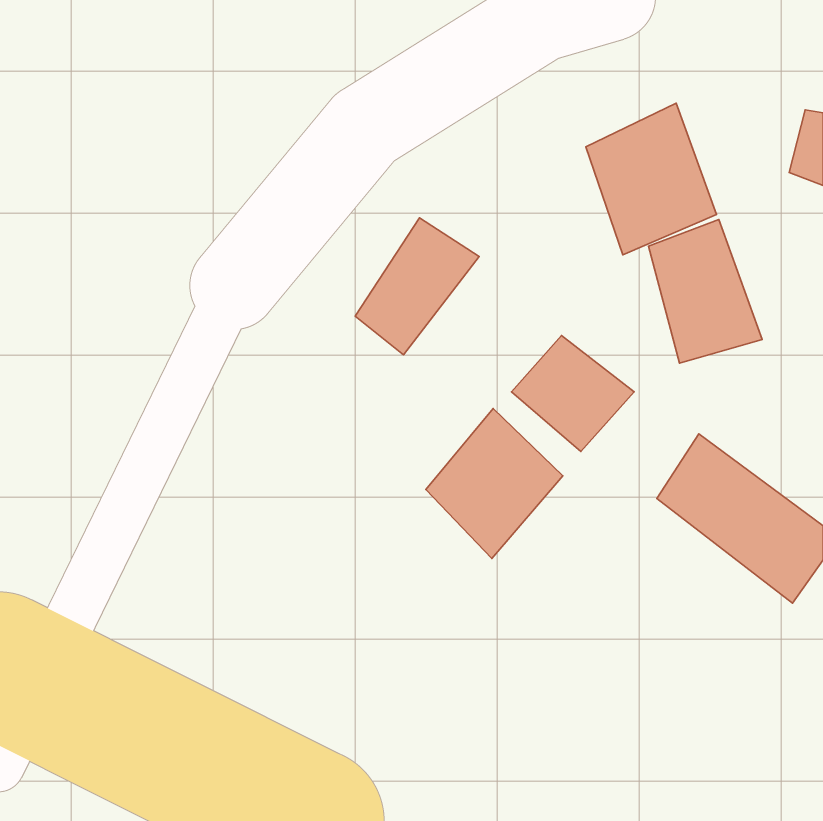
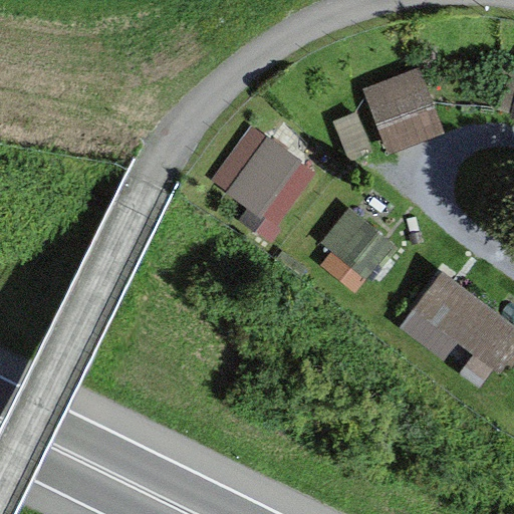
building: [649,220,762,363] -> none
building: [426,409,563,558] -> none

